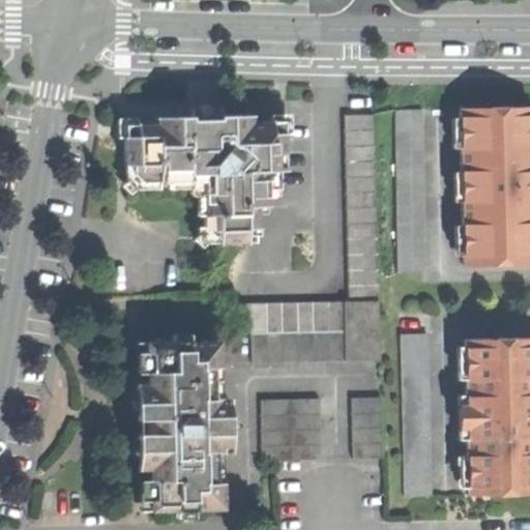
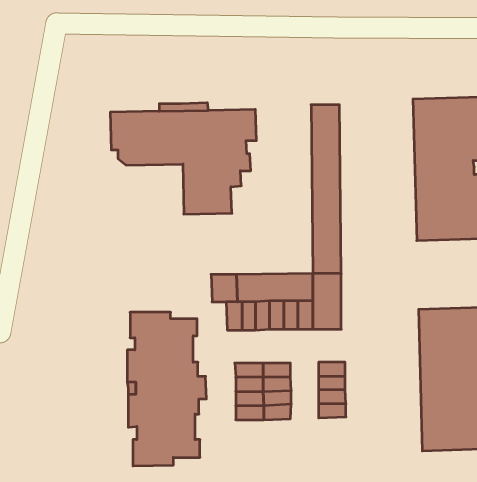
building: [394,110,426,273] -> none
building: [400,335,432,497] -> none

